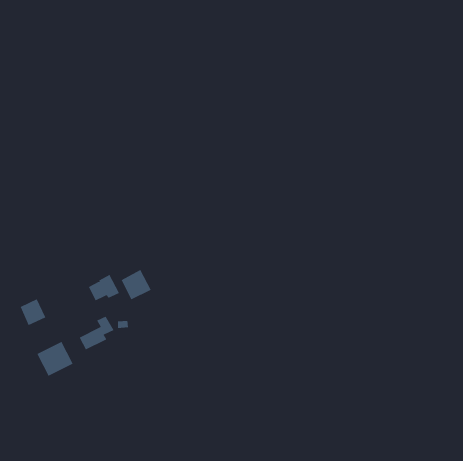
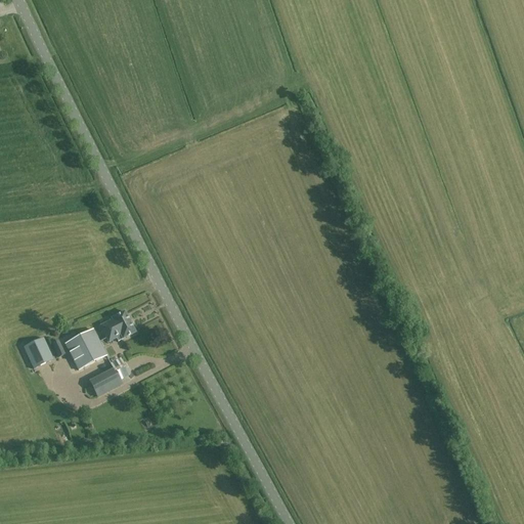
building: [121,269,151,300] -> none
building: [36,341,74,377] -> [63,329,105,368]

